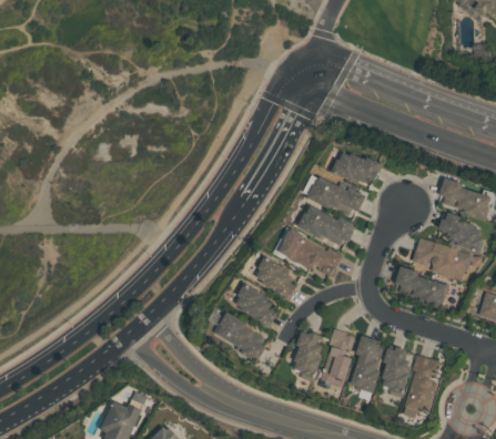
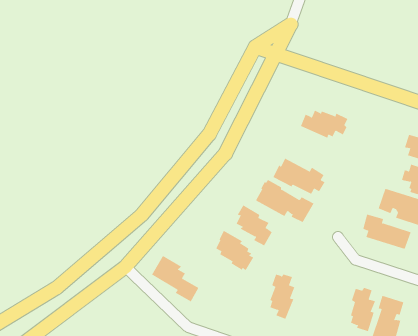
building: [307,177,366,213] -> none
building: [214,312,266,363] -> [151,255,199,302]
building: [318,328,355,382] -> none
building: [350,336,383,394] -> none

